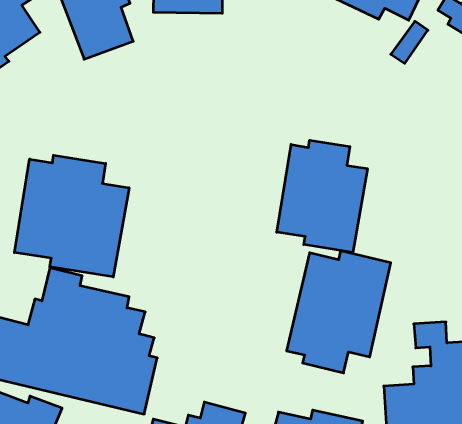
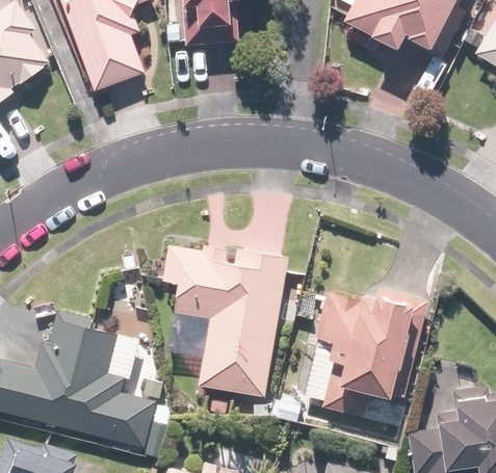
building: [277,140,367,252] -> none
building: [14,155,129,277] -> none
building: none -> [161,244,288,399]

